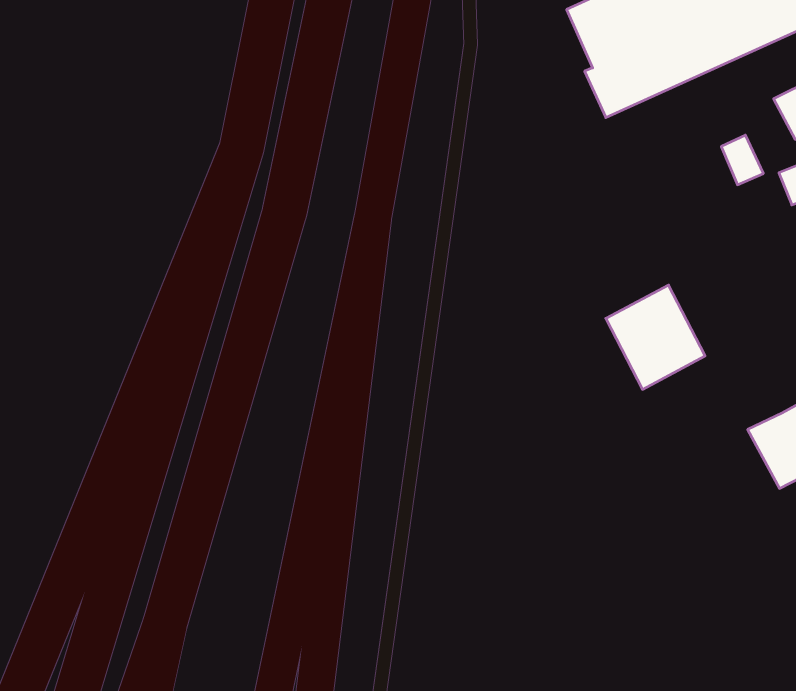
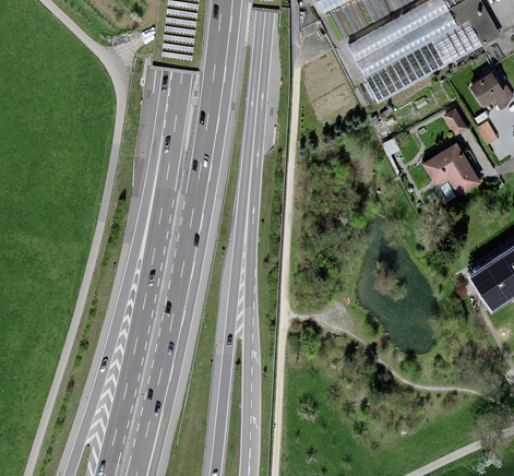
building: [606,285,705,389] -> [422,142,480,202]

